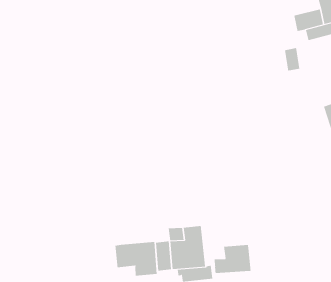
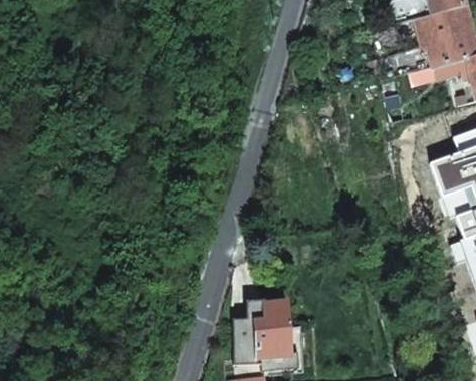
building: [115,241,157,276] -> none
building: [214,244,251,274] -> none

